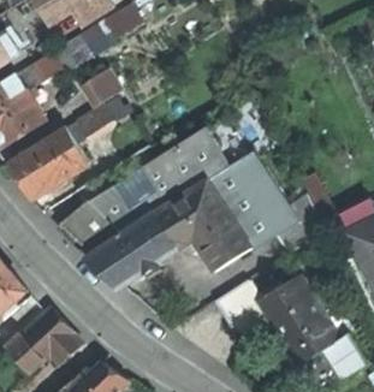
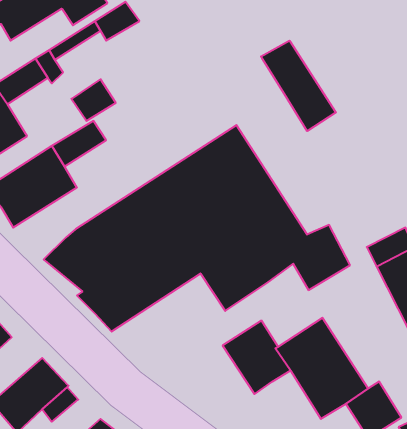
building: none -> [261,41,336,131]

